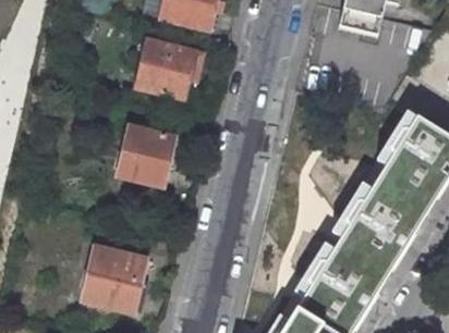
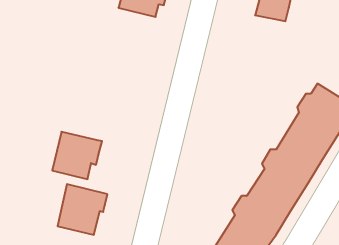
building: [135,39,204,98] -> none
building: [117,123,181,184] -> [52,132,102,179]

